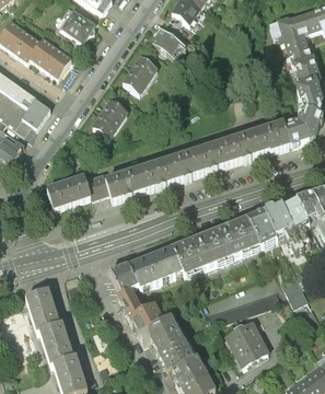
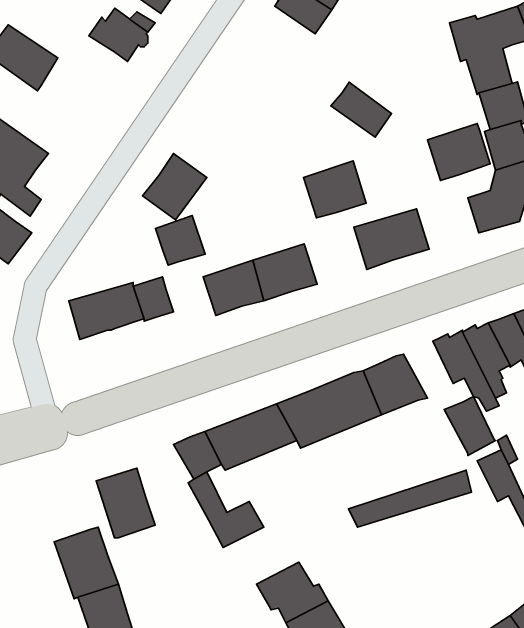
building: [151,27,187,60] -> [331,82,392,137]
building: [31,37,71,77] -> none
building: [120,55,159,94] -> none
building: [21,97,50,128] -> none
building: [254,120,291,154] -> [428,123,490,180]
building: [187,141,224,175] -> [304,161,366,218]
building: [105,171,135,200] -> [155,216,205,265]
building: [246,209,277,244] -> [444,396,496,455]
building: [25,287,60,328] -> [96,468,155,538]
building: [139,315,184,354] -> none
building: [225,321,267,364] -> none

